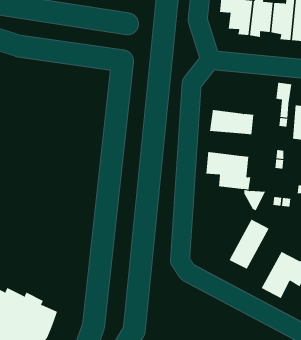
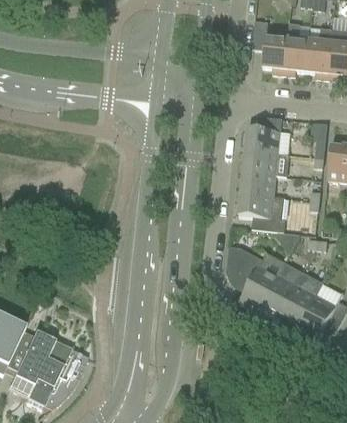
building: none -> [245,126,280,152]
building: none -> [240,170,275,195]
building: none -> [226,245,278,312]
building: none -> [281,270,323,322]

